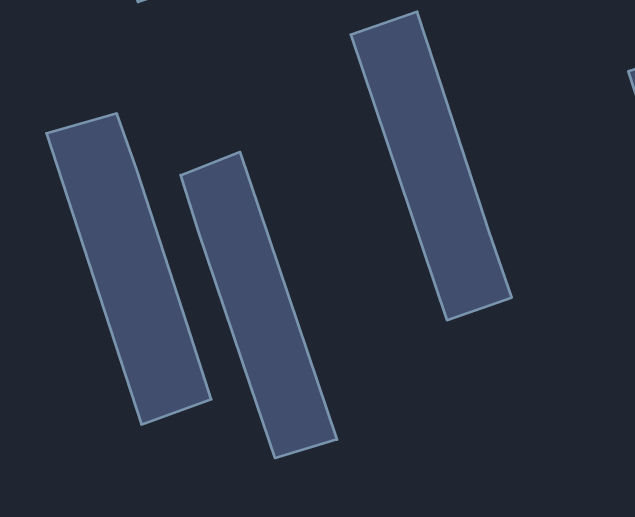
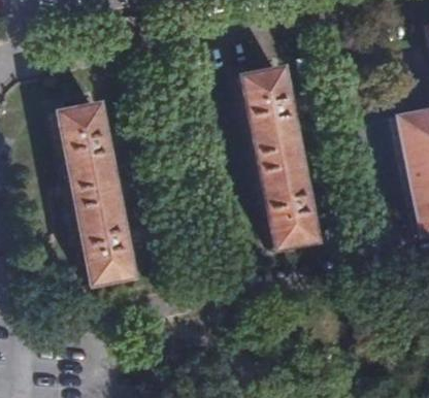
building: [181,152,337,458] -> none

